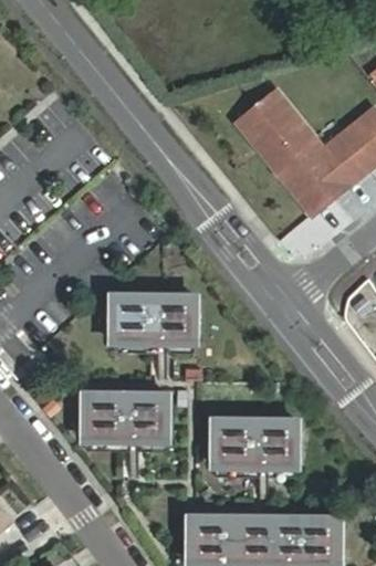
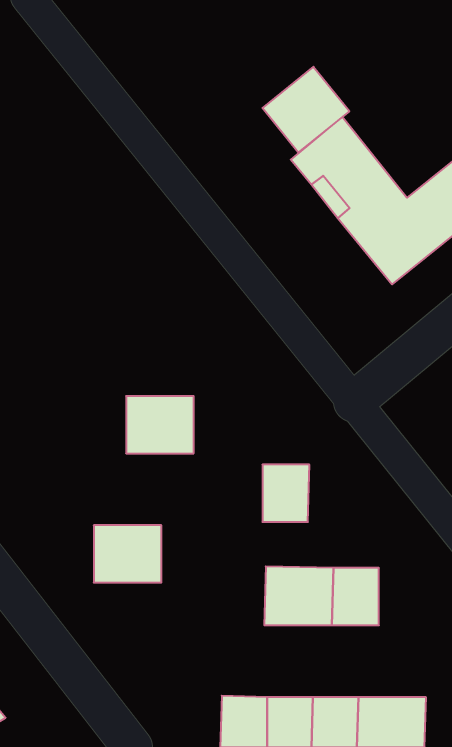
building: none -> [262,67,349,152]
building: [164,298,199,342] -> [262,465,309,522]
building: [139,396,175,439] -> none

